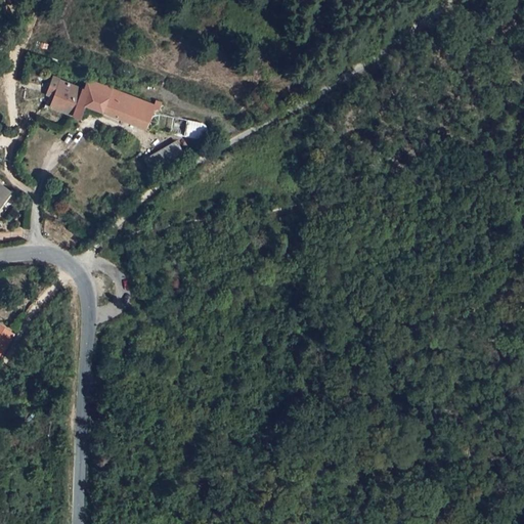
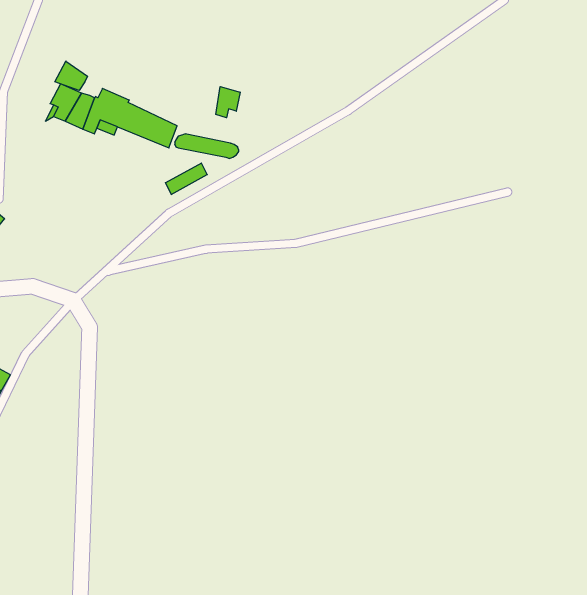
building: none -> [55,61,88,90]
building: none -> [216,87,240,118]

